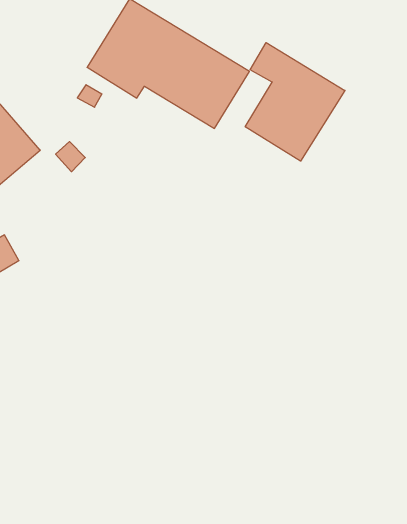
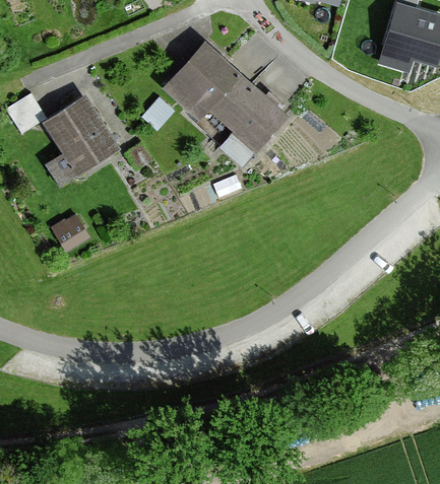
building: [245,43,345,161] -> none

